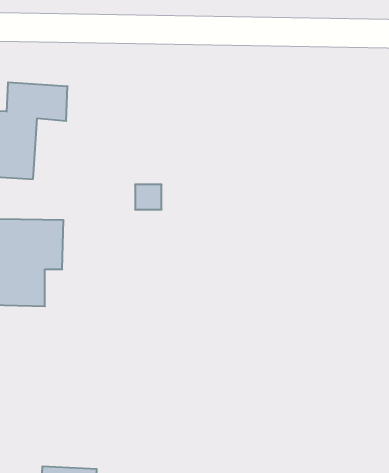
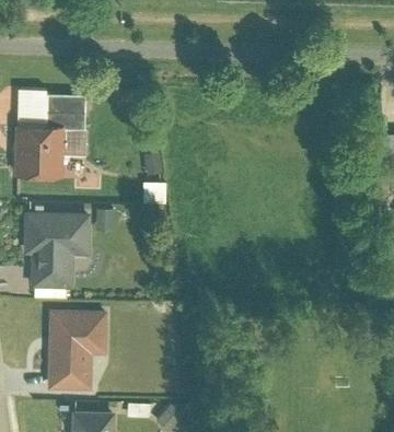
building: none -> [48,303,109,388]

